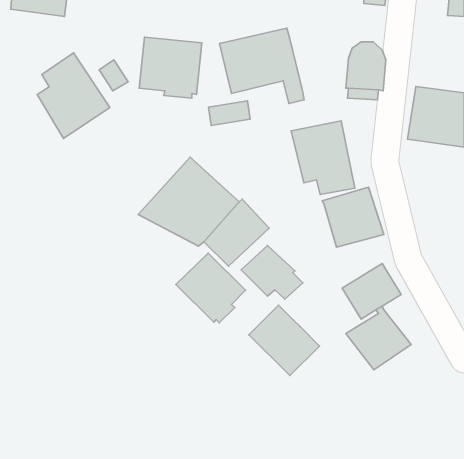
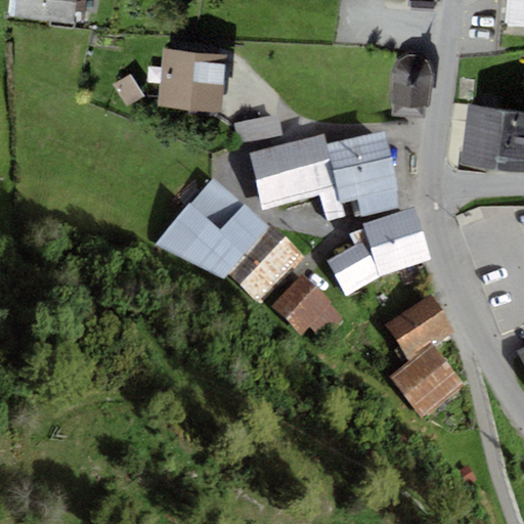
building: [220,28,304,103] -> [249,135,344,220]
building: [37,53,110,138] -> none
building: none -> [325,229,379,295]
building: [176,253,245,323] -> none
building: [249,305,320,376] -> none

